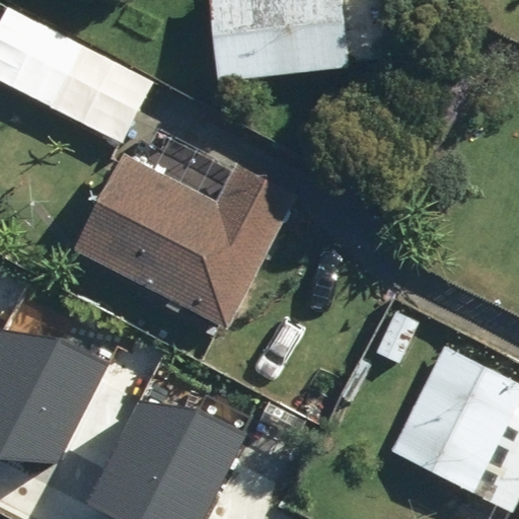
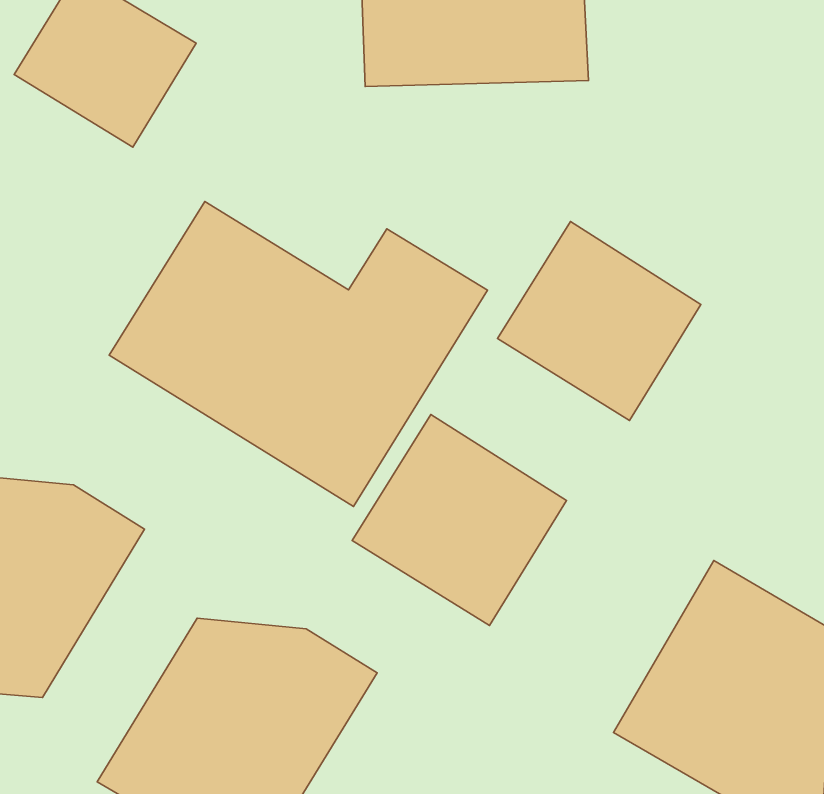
building: none -> [497,222,701,421]
building: none -> [352,414,566,626]

